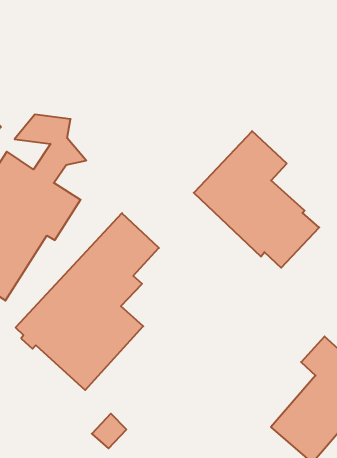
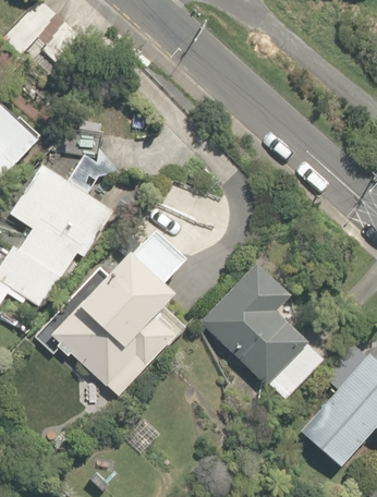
building: [194,131,319,268] -> [200,263,323,396]

